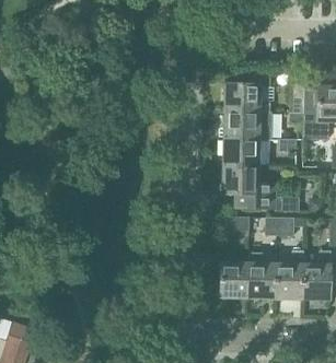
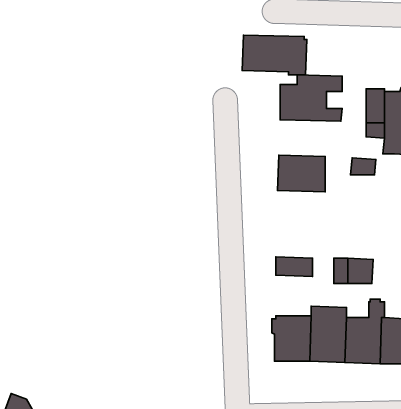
building: [222,110,273,141] -> [242,35,307,75]
building: [221,165,298,212] -> none

